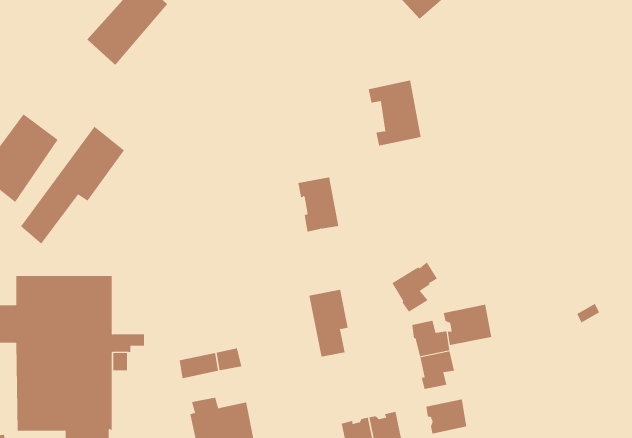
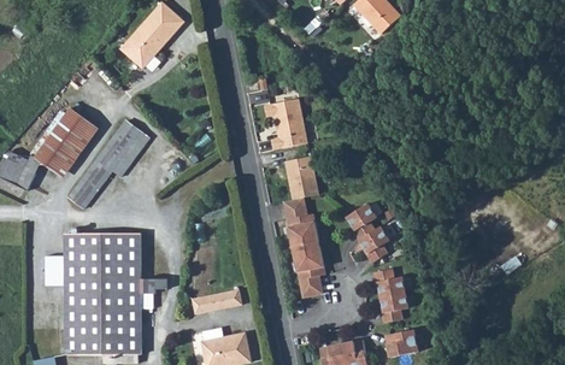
building: [368,80,422,146] -> [264,98,306,149]
building: none -> [283,196,318,248]
building: none -> [346,202,376,239]
building: [443,304,492,346] -> none

